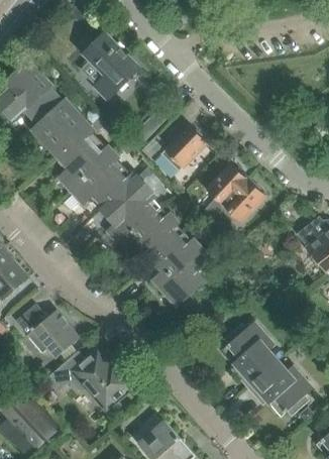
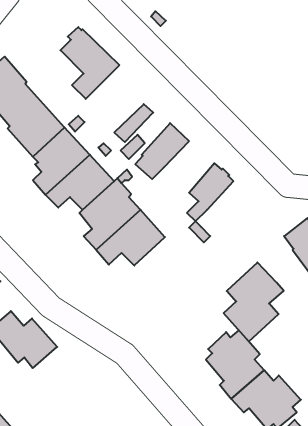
building: [223,180,265,223] -> none
building: [150,233,208,309] -> [224,262,284,342]
building: [45,351,133,409] -> none

